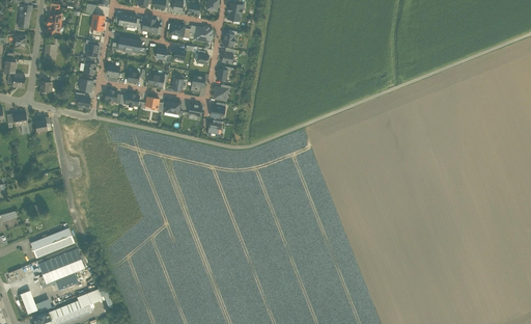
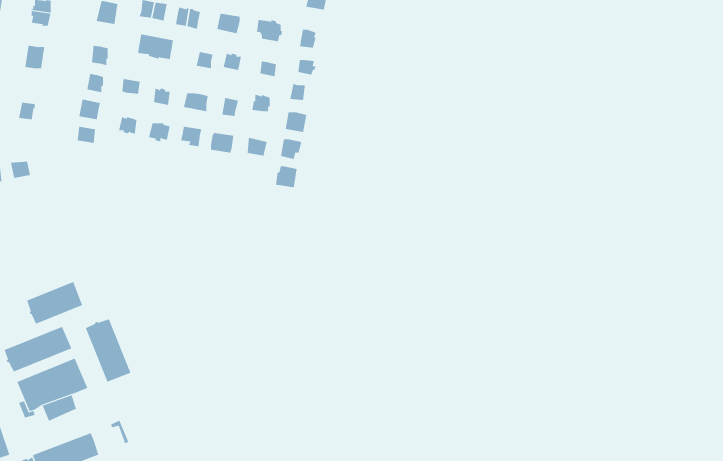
building: none -> [26,281,83,324]
building: none -> [85,319,131,382]

